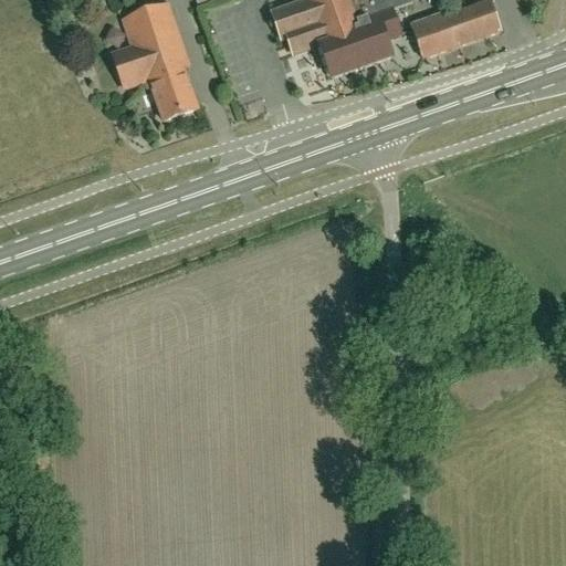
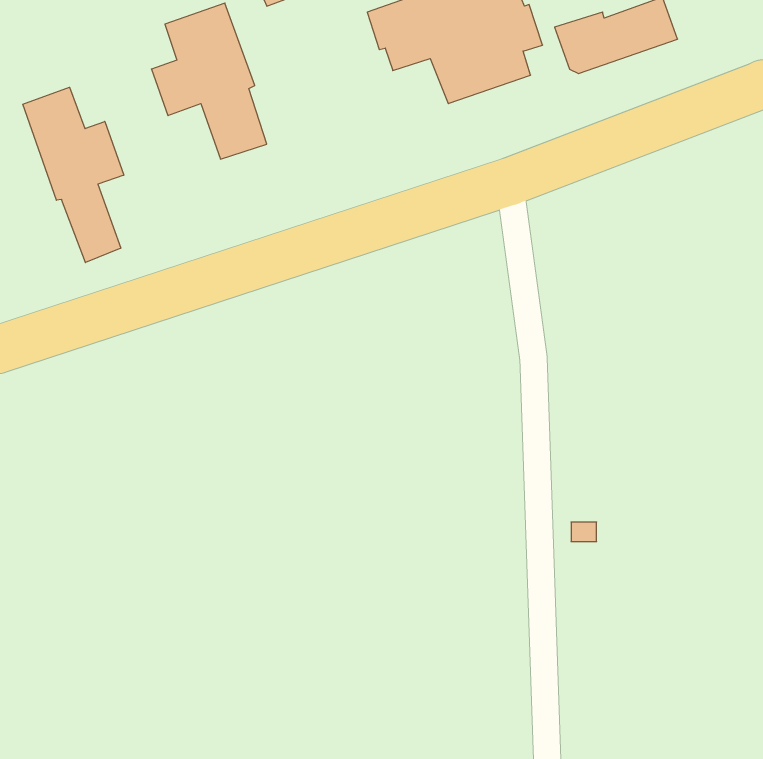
building: none -> [23,87,124,263]

